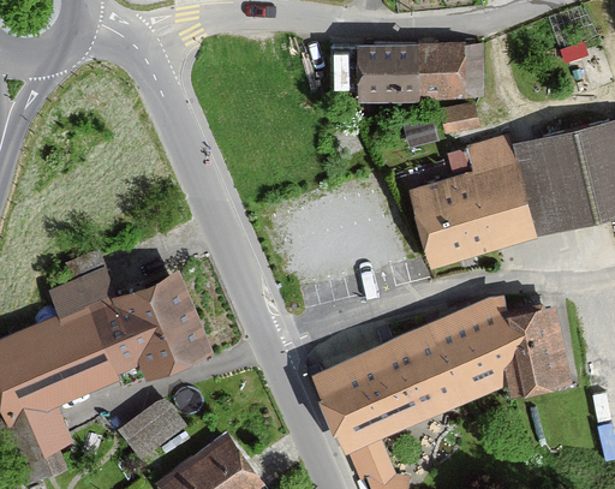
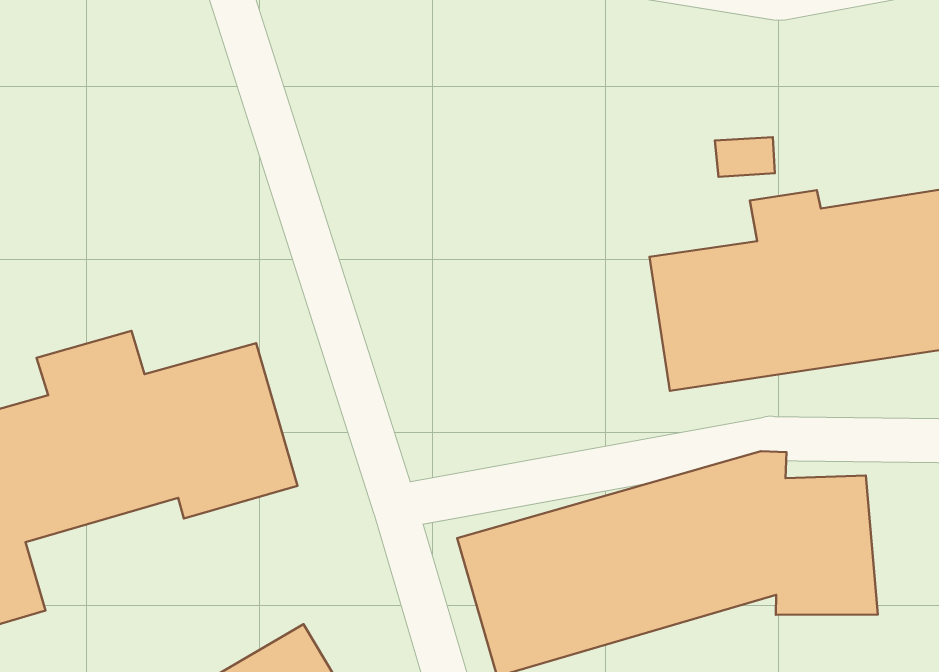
building: [359,44,473,101] -> none
building: [117,395,184,458] -> none

